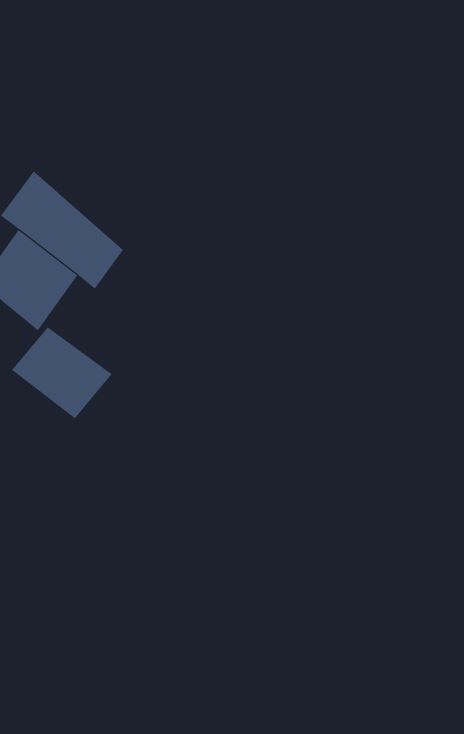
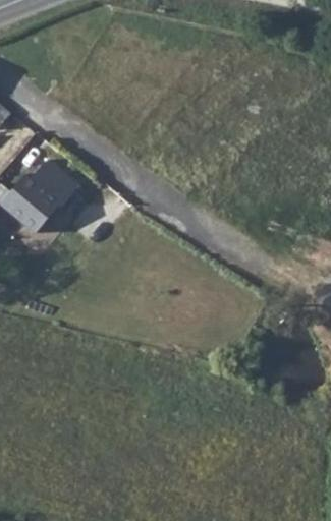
building: [11,327,112,419] -> none

